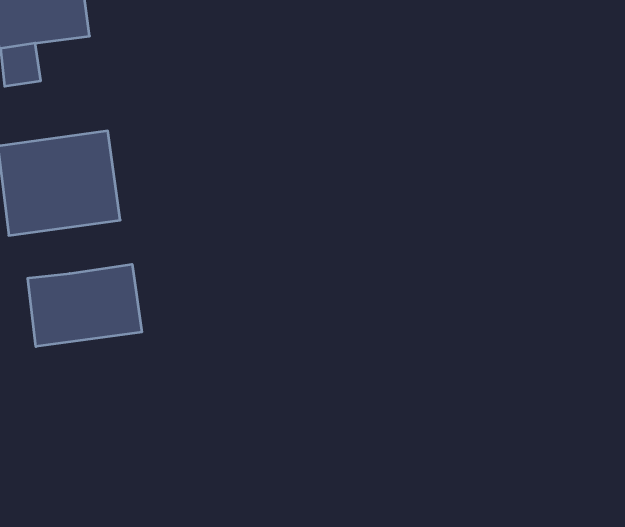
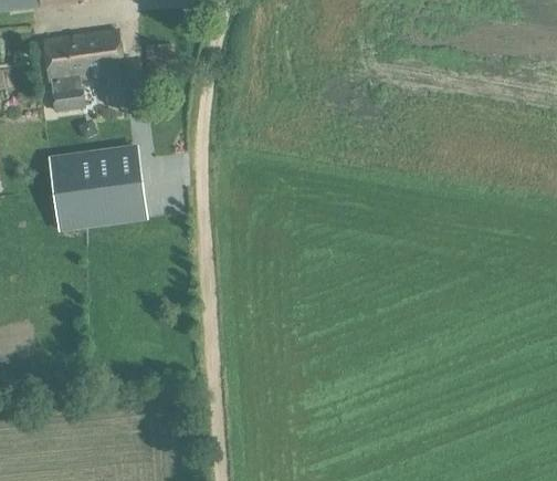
building: [28,264,142,347] -> none

